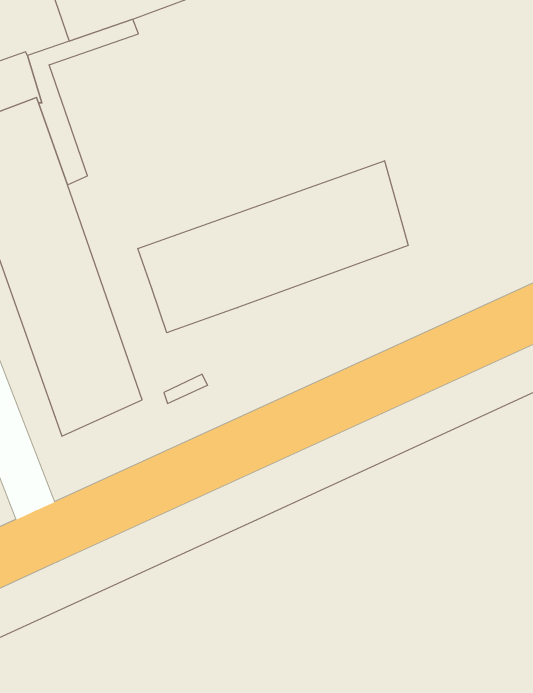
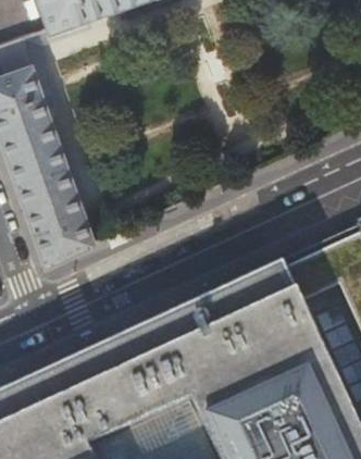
building: [138,161,408,333] -> none

